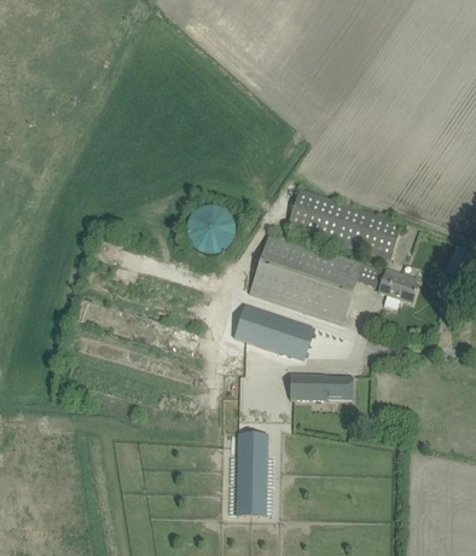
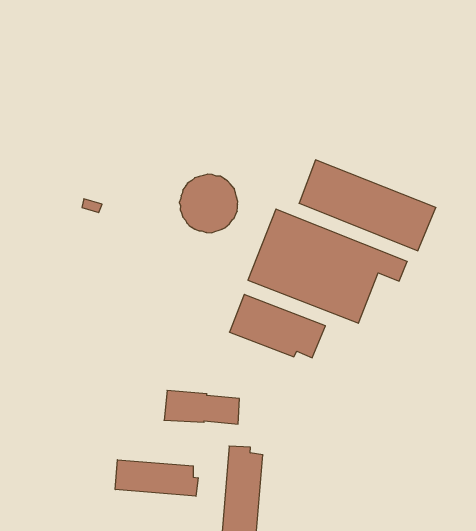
building: [379,267,419,302] -> none
building: [290,373,353,399] -> [164,390,239,424]
building: none -> [115,460,198,496]

